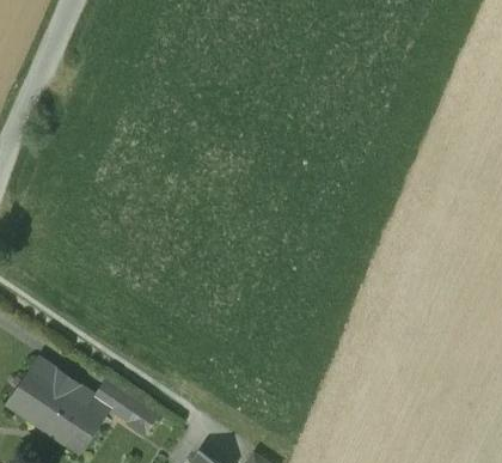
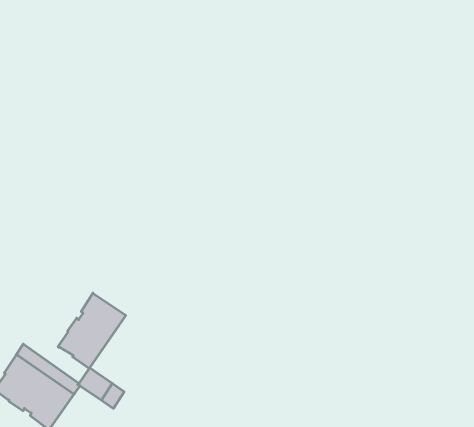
building: none -> [58,293,126,368]

